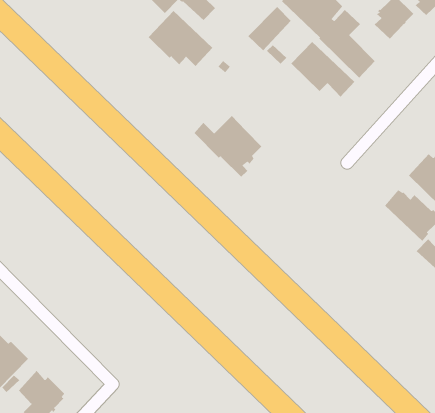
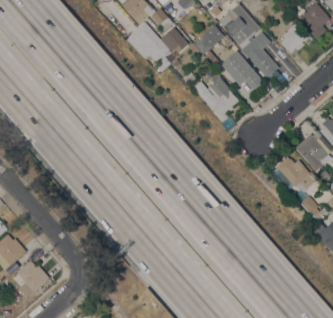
building: none -> [160,27,189,54]
building: [194,115,262,177] -> [193,78,239,121]

